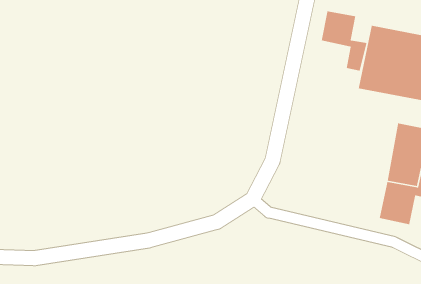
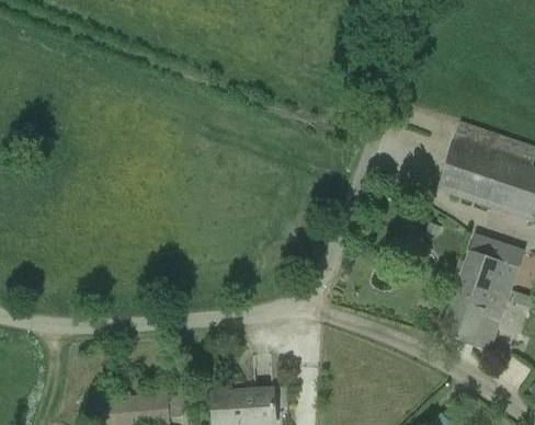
building: [321,10,367,72] -> none

